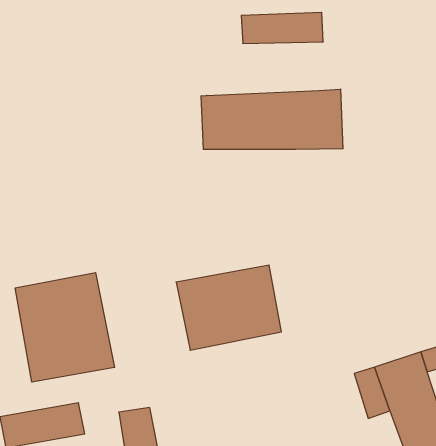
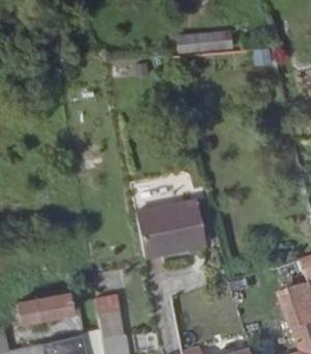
building: [201,89,343,149] -> none
building: [15,273,115,382] -> none

